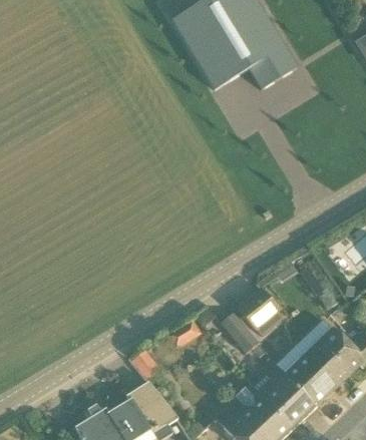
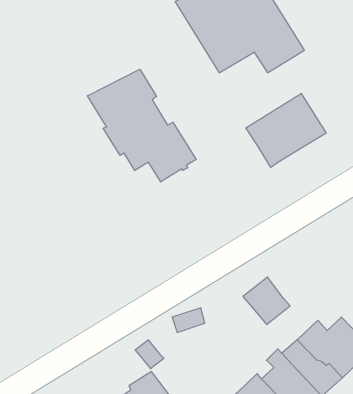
building: none -> [87,69,196,182]
building: none -> [246,93,326,167]
building: [221,311,259,352] -> none

